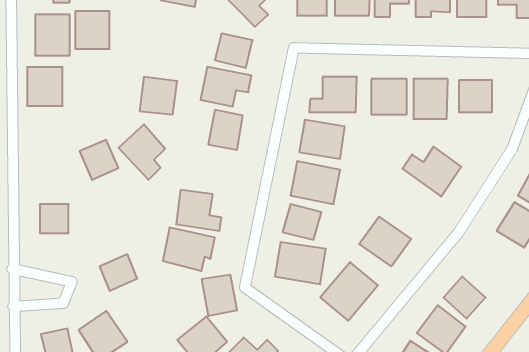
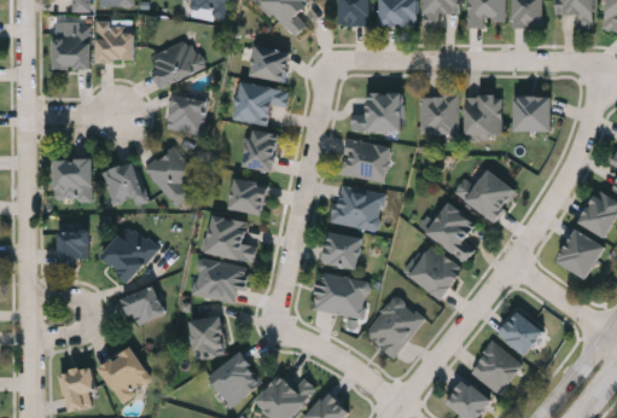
building: none -> [146,36,204,87]
building: [27,67,63,106] -> [52,158,91,201]
building: none -> [228,179,267,214]
building: none -> [424,202,475,262]
building: none -> [98,222,158,283]
building: [202,275,237,316] -> [187,315,226,360]

